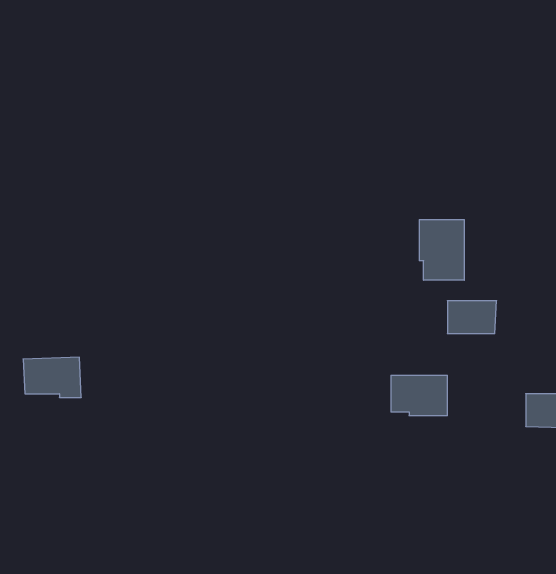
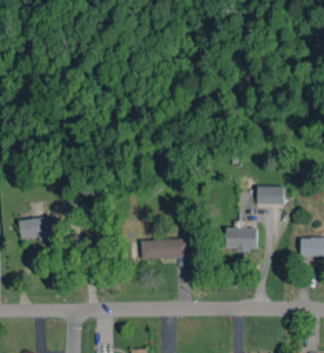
building: [419,220,464,280] -> none
building: none -> [141,238,191,259]

